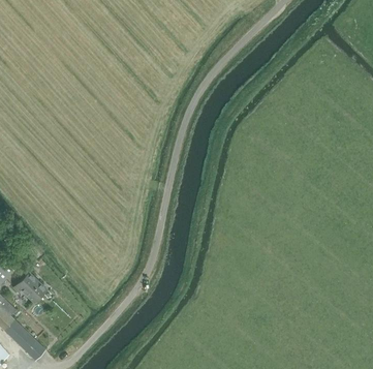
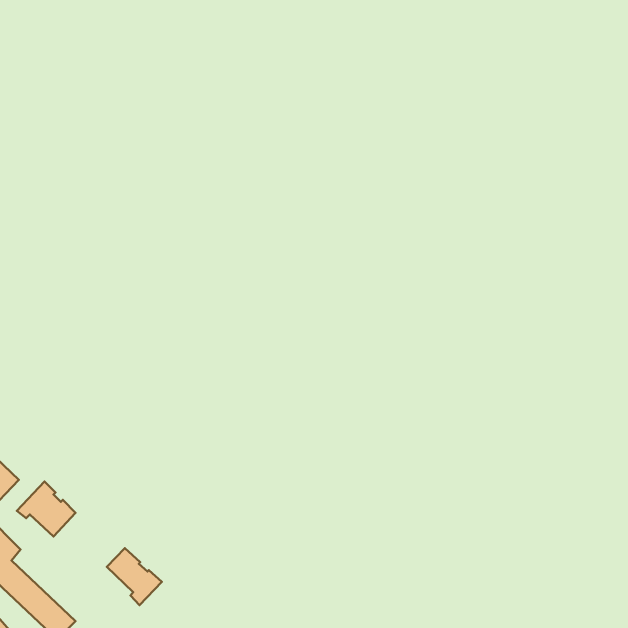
building: none -> [107,548,162,605]

